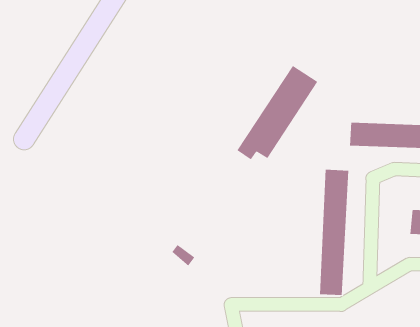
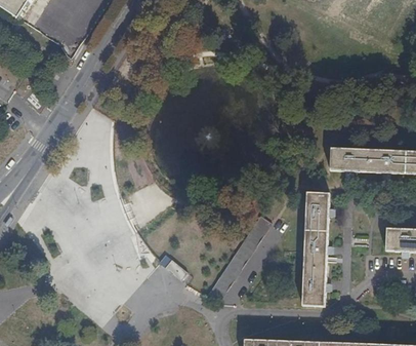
building: [237,65,318,160] -> [208,216,283,303]

